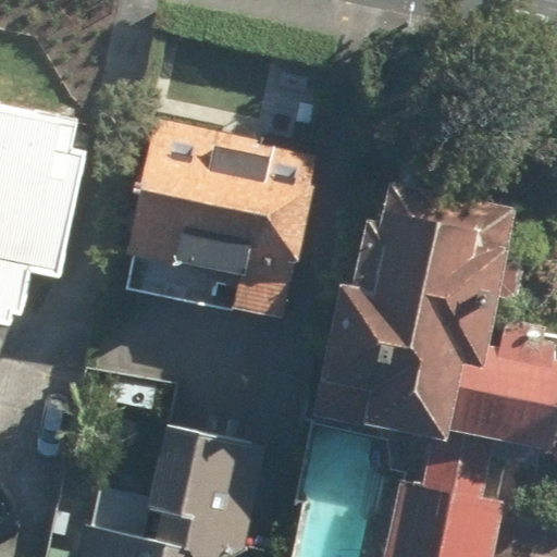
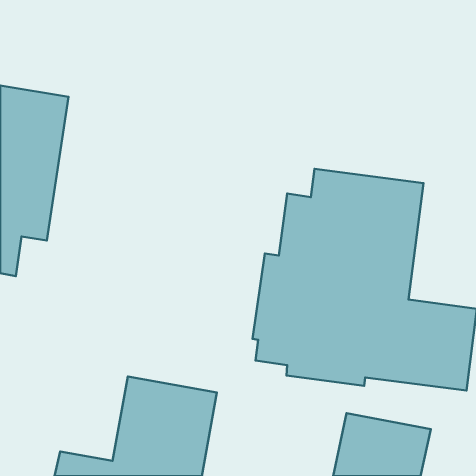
building: [145,143,323,302] -> none

